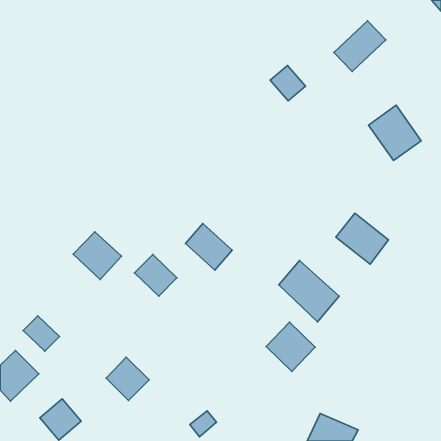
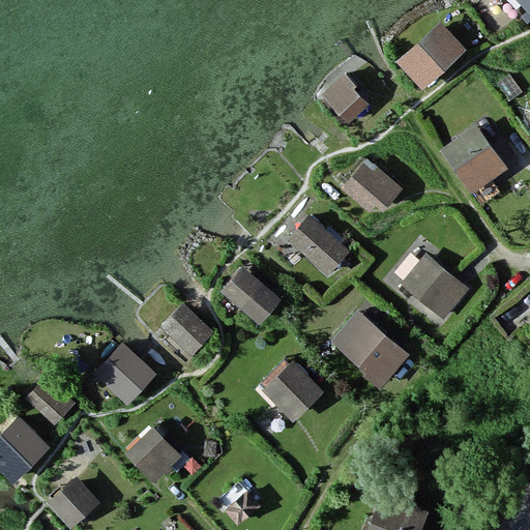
building: none -> [351,161,401,208]
building: none -> [291,218,348,274]
building: [73,232,122,279] -> [96,345,154,402]
building: [266,322,315,371] -> [263,363,322,422]

